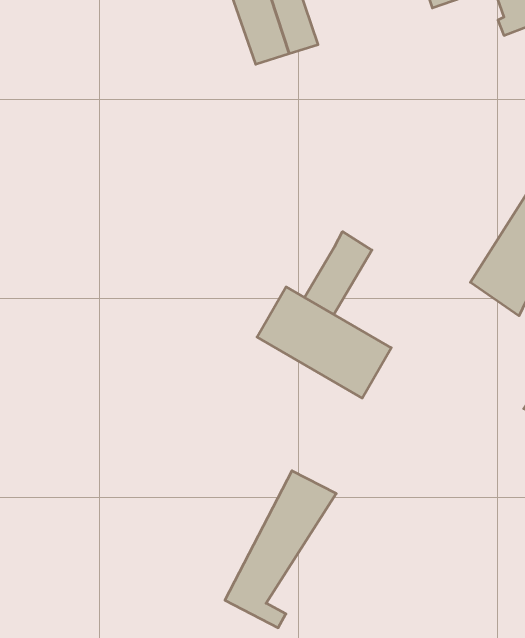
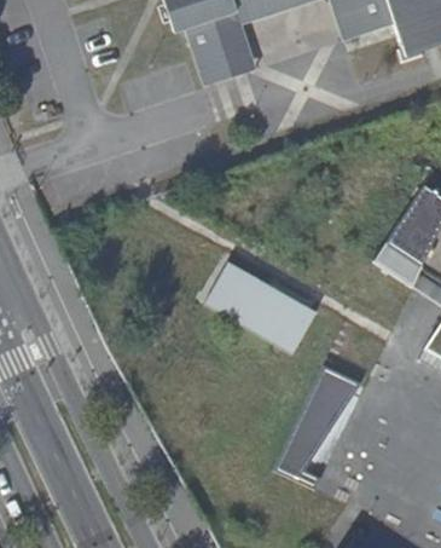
building: [304,232,372,314] -> none
building: [225,471,336,628] -> [273,364,361,489]

